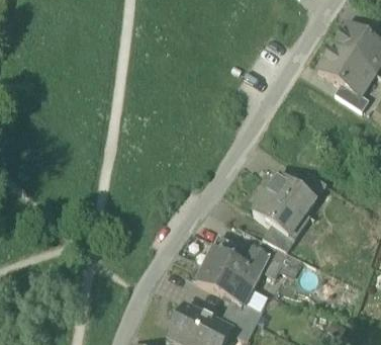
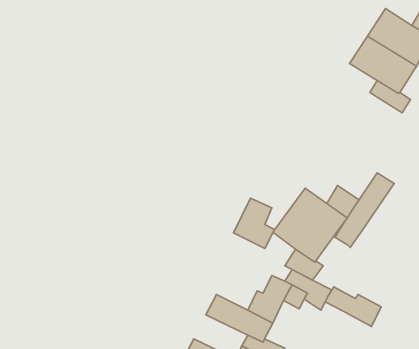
building: none -> [335,173,394,248]
building: [205,236,240,278] -> [234,198,274,248]
building: none -> [325,287,381,327]

